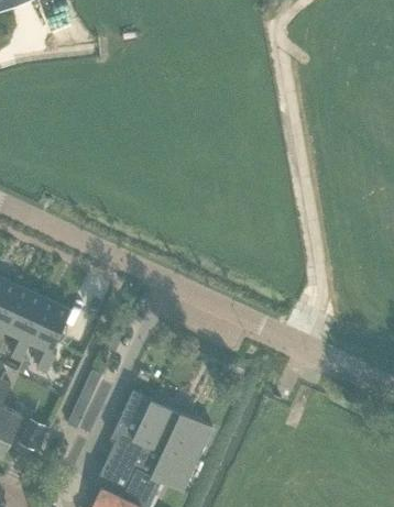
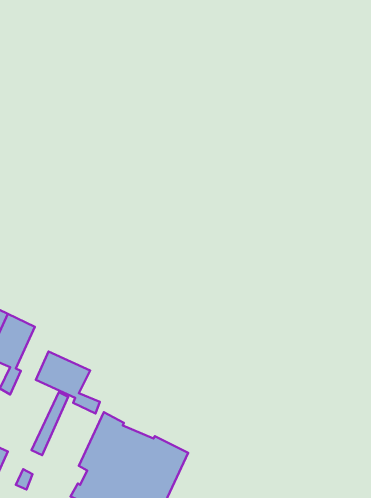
building: none -> [36,351,100,414]

